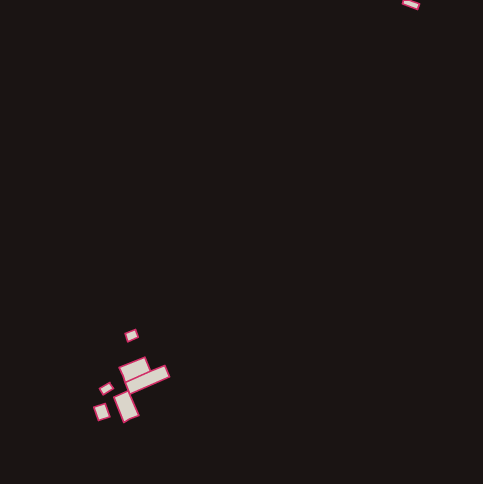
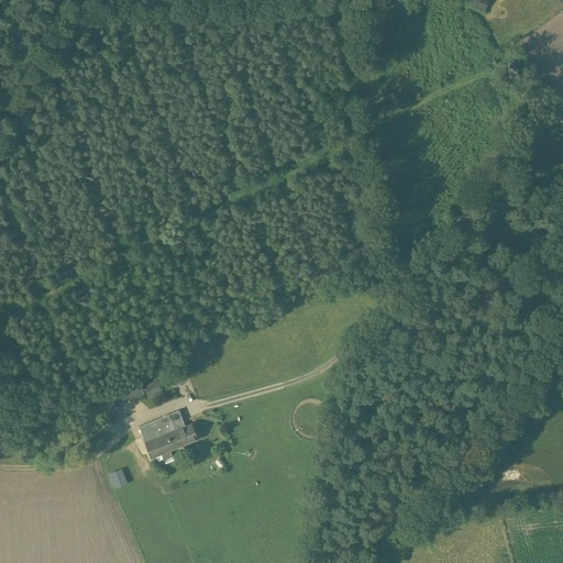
building: [114,391,139,422] -> none

